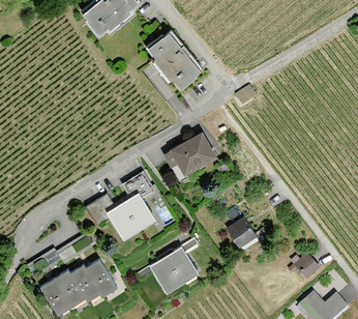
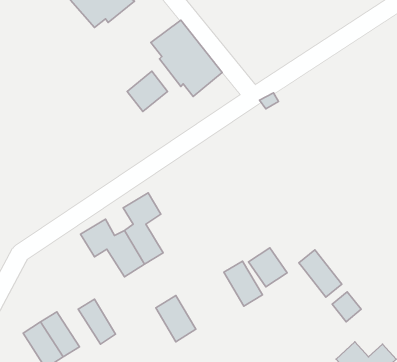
building: none -> [127,71,168,112]
building: [170,130,216,175] -> none
building: none -> [299,250,342,297]
building: [166,247,198,284] -> [224,261,263,306]
building: [69,264,101,301] -> none

